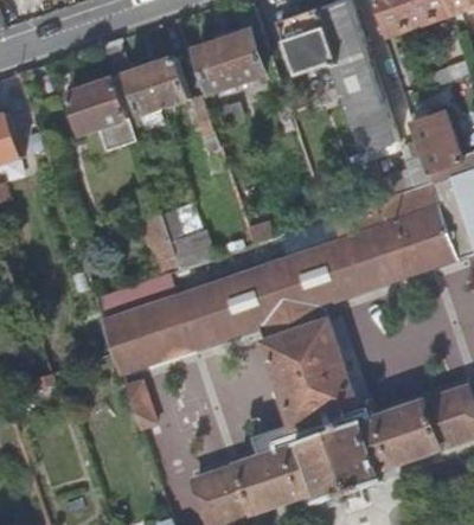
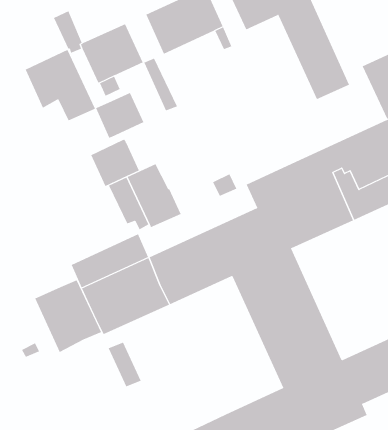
building: none -> [95,92,144,138]
building: none -> [90,139,139,187]
building: none -> [35,279,102,353]

